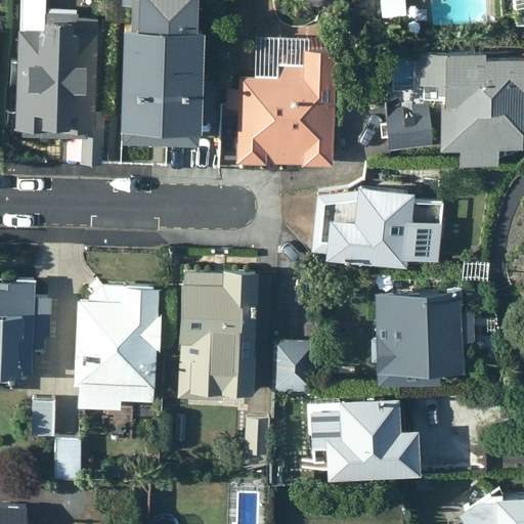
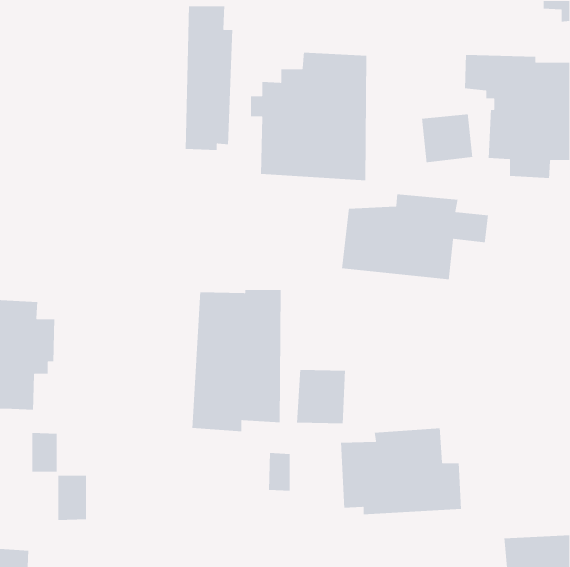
building: [121,11,171,143] -> none
building: [15,17,101,169] -> none
building: [74,285,162,407] -> none
building: [370,287,475,378] -> none

